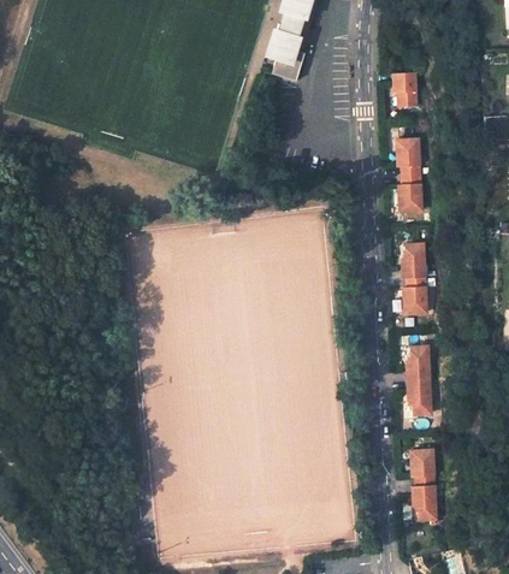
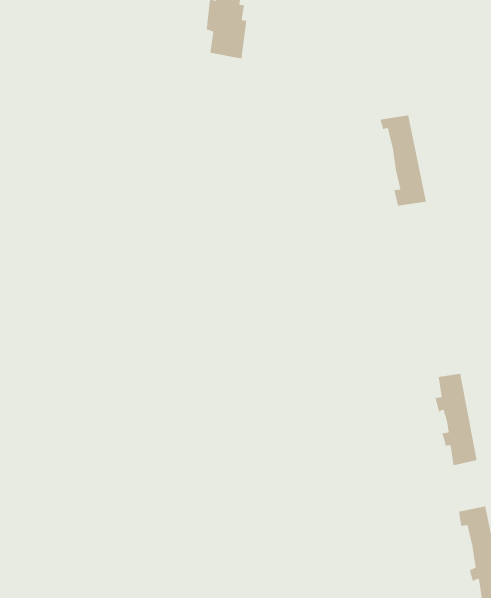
building: [391,72,416,107] -> none
building: [401,244,426,315] -> none

